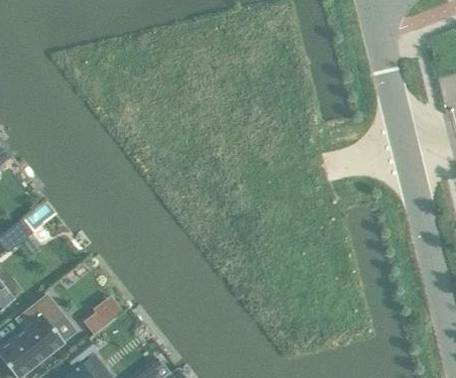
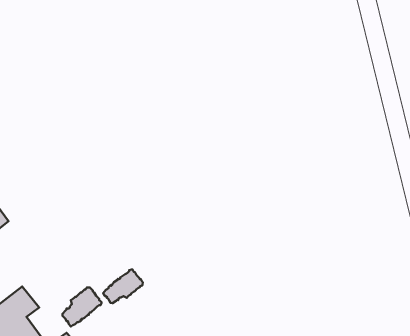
building: none -> [103,269,143,303]

